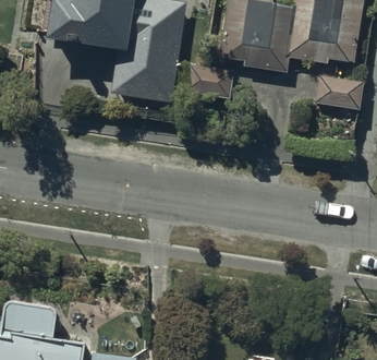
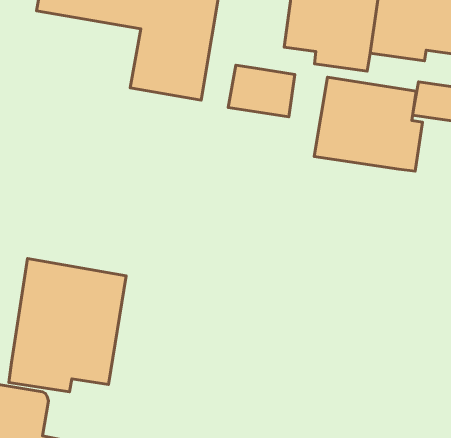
building: none -> [314,77,422,171]
building: none -> [9,259,126,392]

